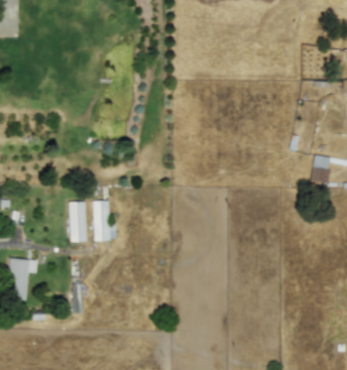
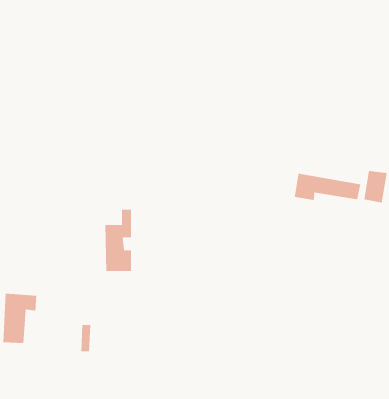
building: none -> [294,173,361,201]
building: [69,203,86,243] -> none

